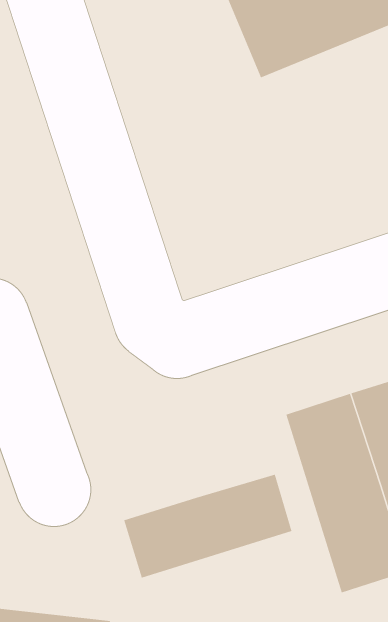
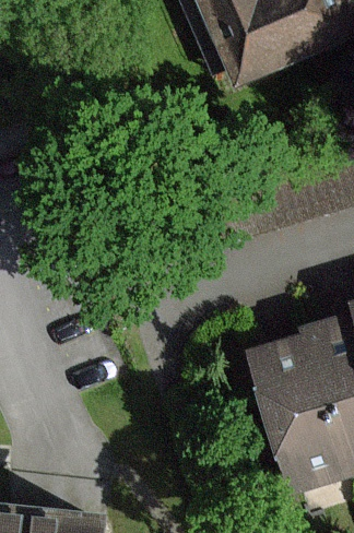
building: [124,474,292,578] -> none

